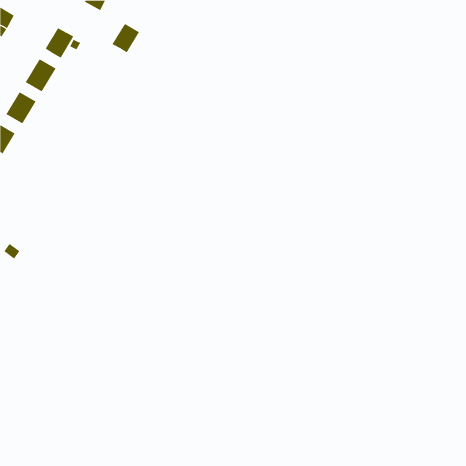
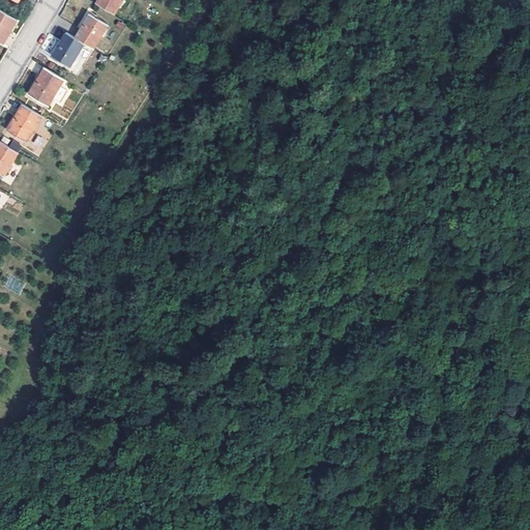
building: [112,23,140,53] -> [75,13,107,48]

